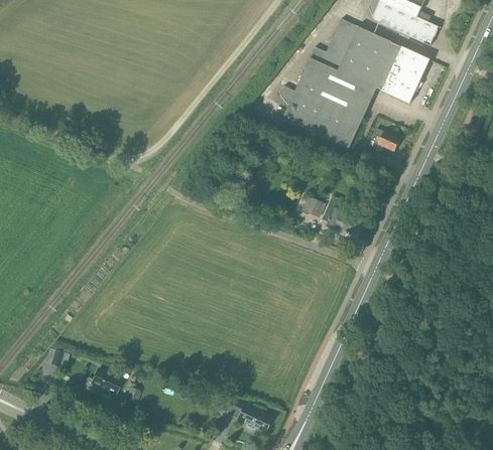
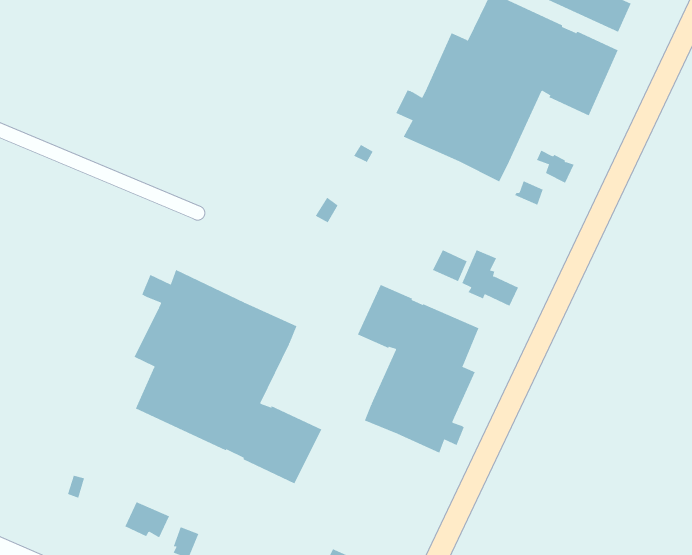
building: none -> [134,269,322,484]
building: none -> [357,284,479,454]

